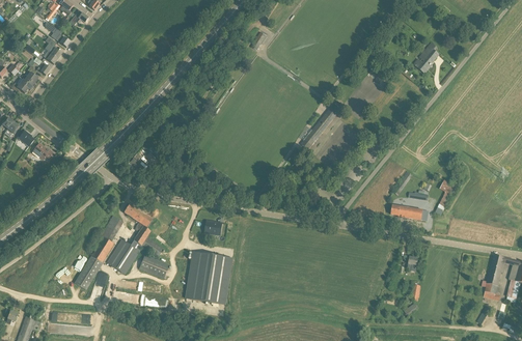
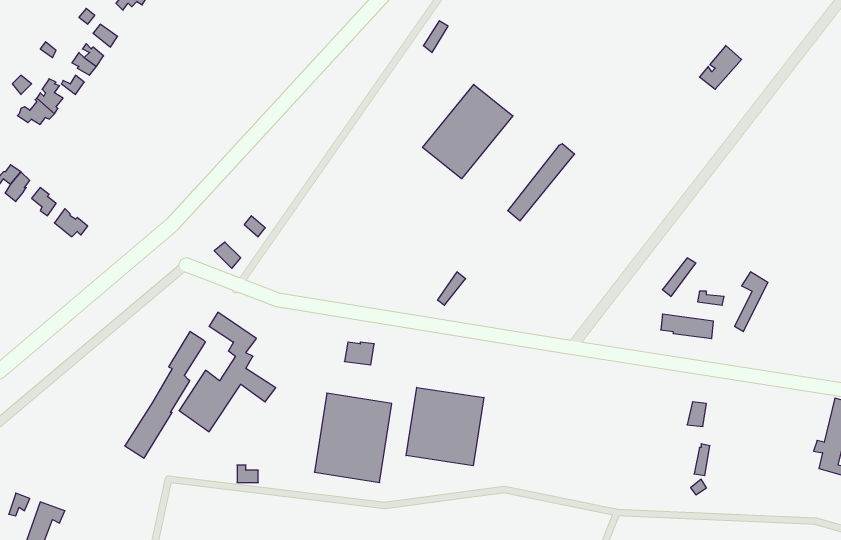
building: none -> [423,84,513,179]
building: none -> [406,387,484,466]
building: [139,253,169,278] -> none

